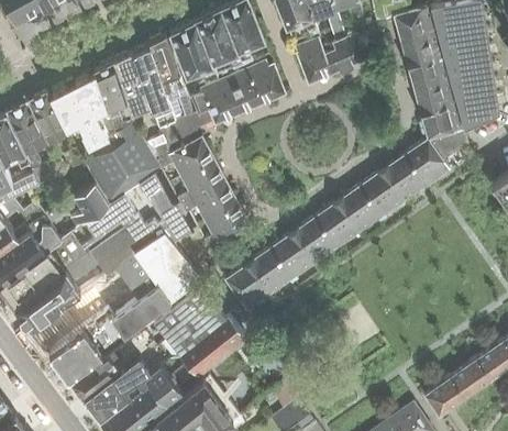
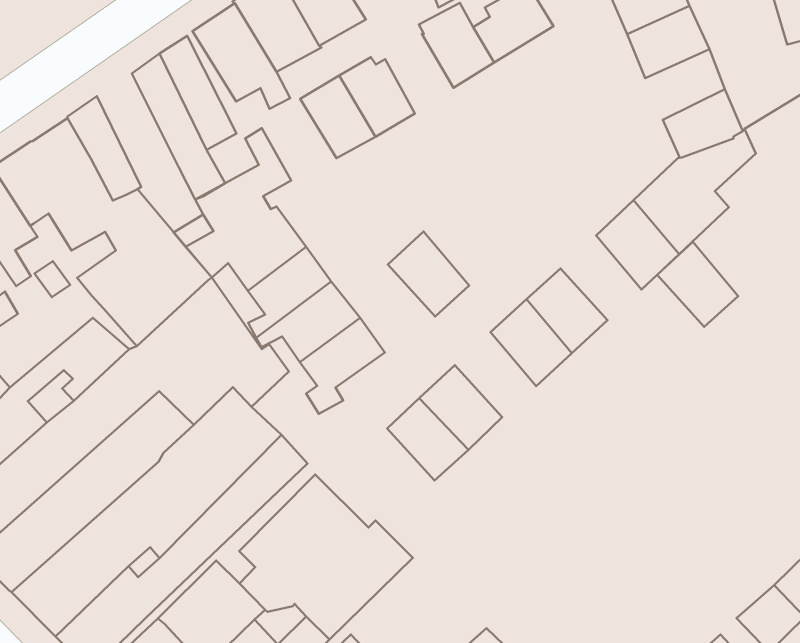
building: [112,53,152,115] -> none
building: [199,79,239,125] -> none
building: [413,82,456,118] -> none
building: [353,176,396,223] -> [657,242,738,327]
building: [288,221,331,268] -> [388,232,469,316]
building: [224,266,268,313] -> none

